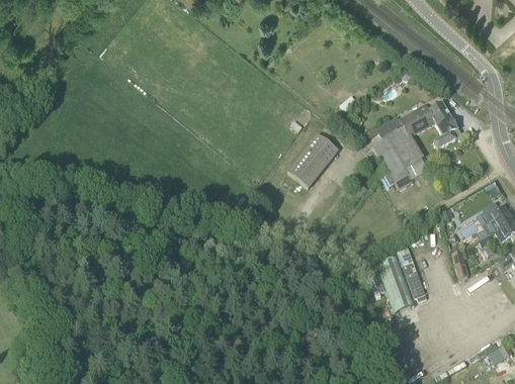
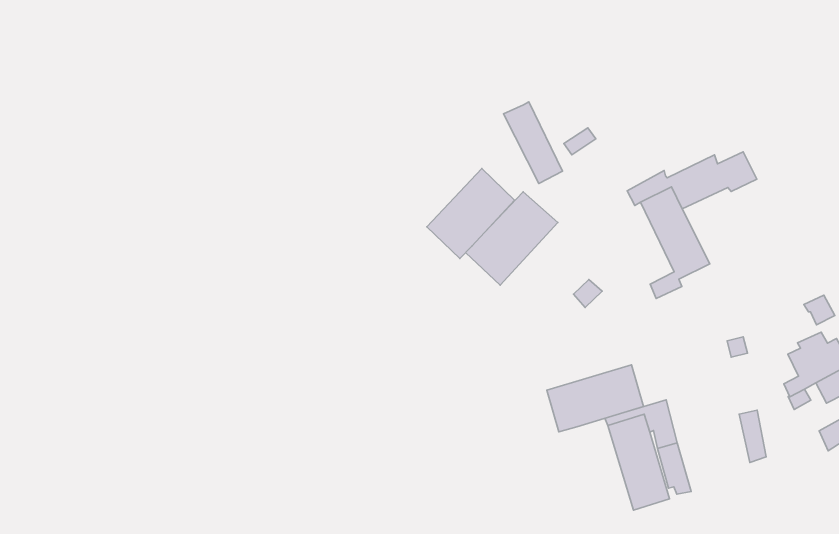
building: [433,116,462,149] -> none
building: none -> [427,168,515,259]
building: [371,134,408,181] -> [503,102,563,184]
building: none -> [547,365,643,432]

